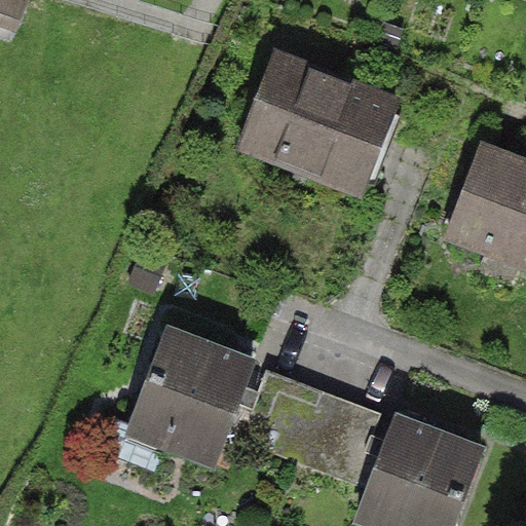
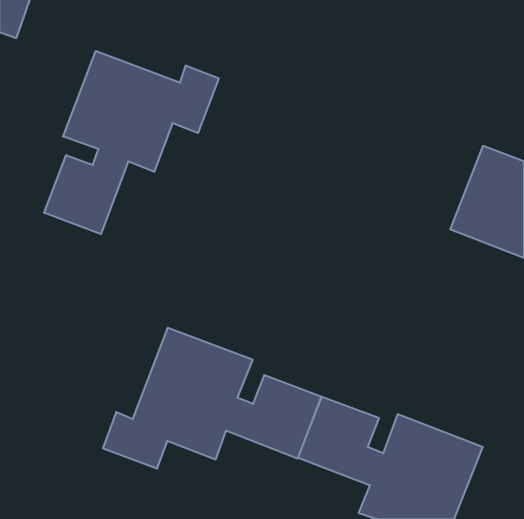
building: none -> [44,51,219,234]
building: [243,55,397,186] -> none

